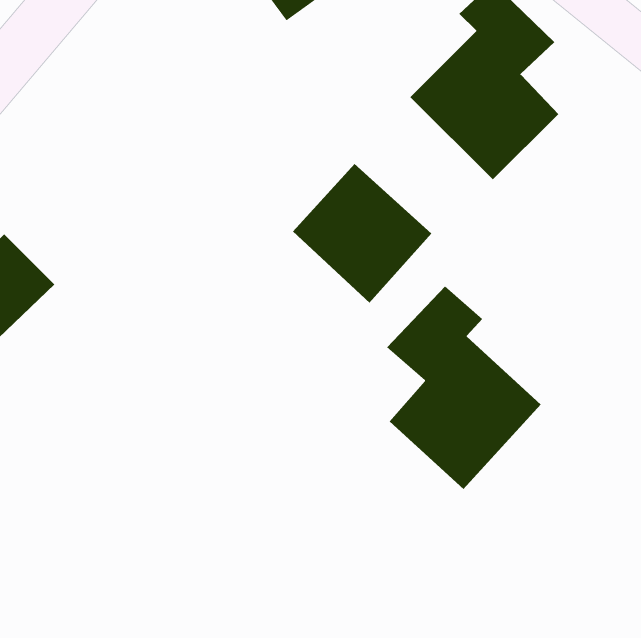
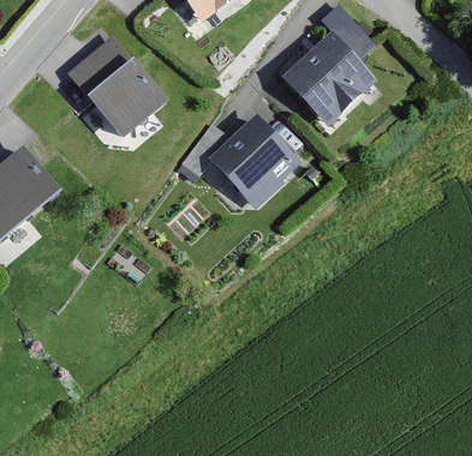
building: none -> [65,31,171,138]
building: [386,286,542,490] -> none

